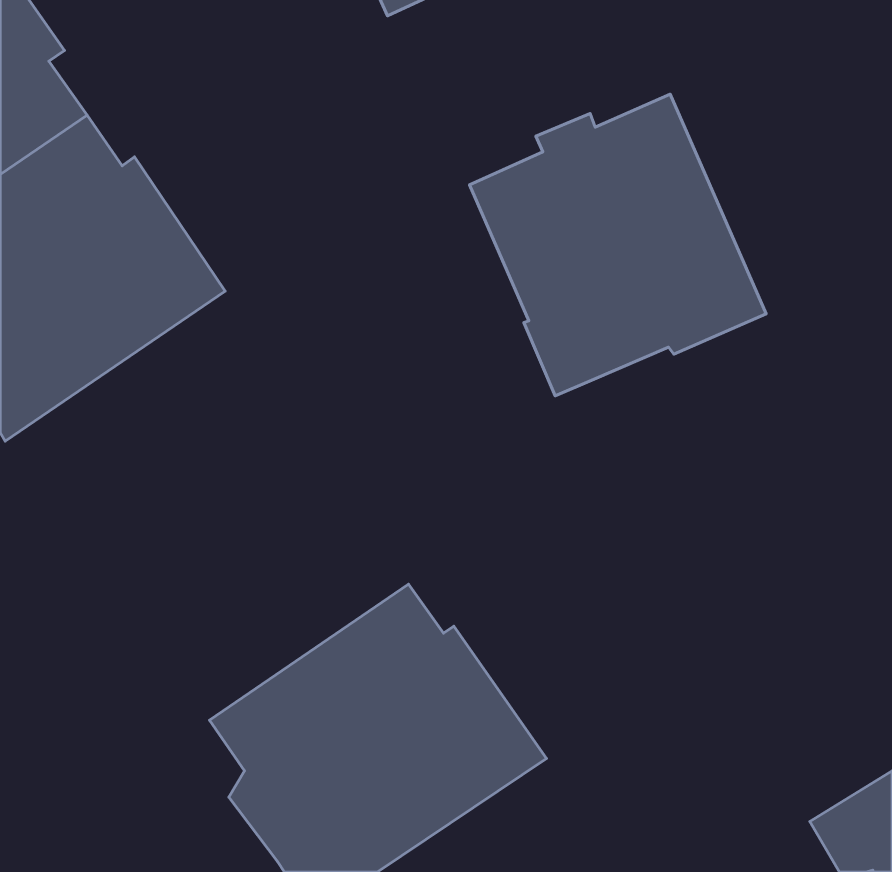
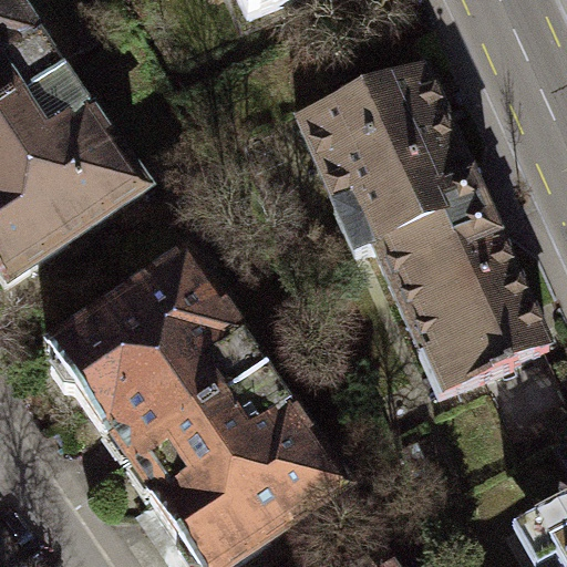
building: none -> [375,199,548,398]
building: none -> [47,247,259,457]

